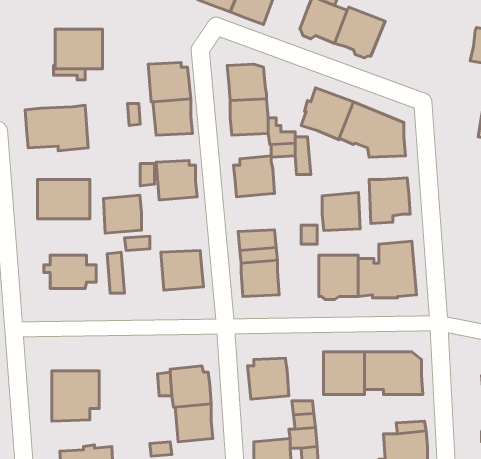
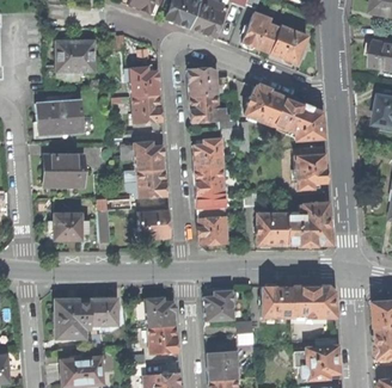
building: [322,193,360,230] -> [194,166,222,195]
building: [104,195,142,233] -> [136,168,165,197]
building: none -> [90,300,115,325]

